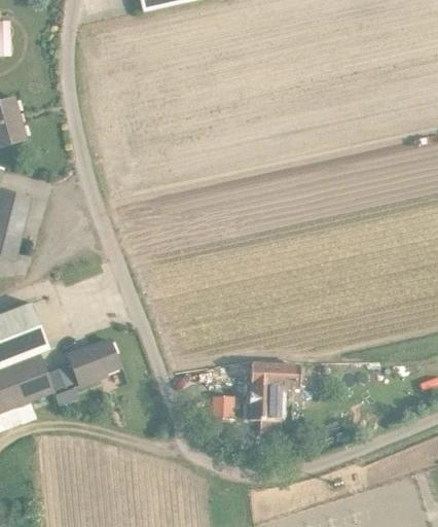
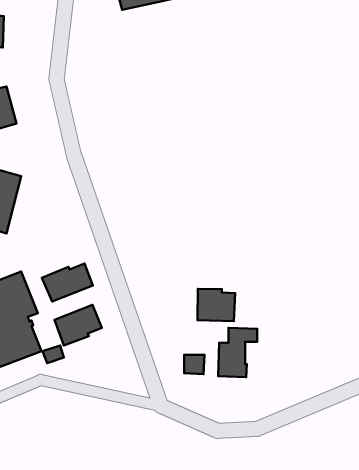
building: none -> [42,264,93,302]
building: none -> [198,289,235,321]

